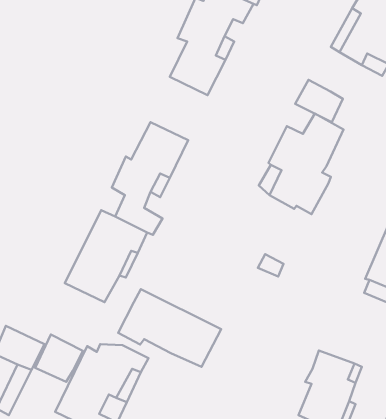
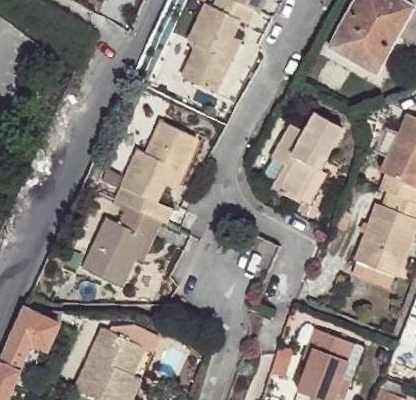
building: [295,80,343,122] -> none
building: [118,289,221,367] -> none
building: [35,335,83,382] -> none

